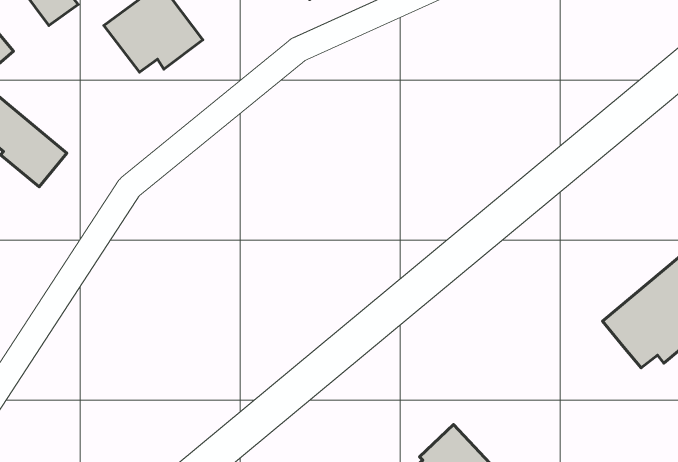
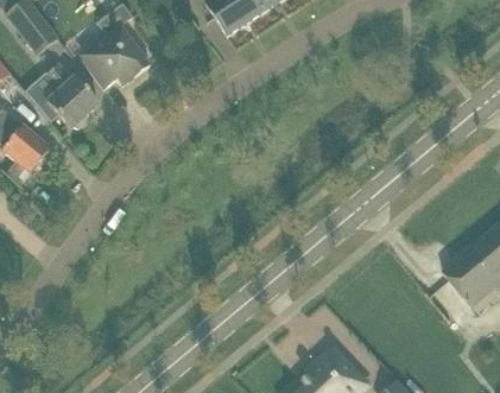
building: none -> [44,62,99,128]

